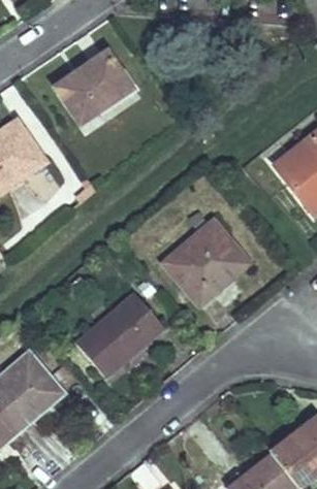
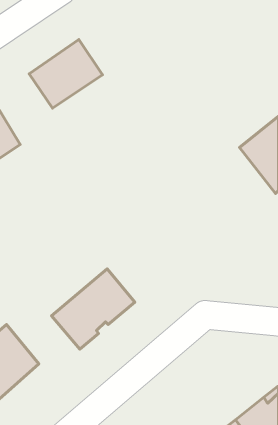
building: [164,221,246,304] -> none

